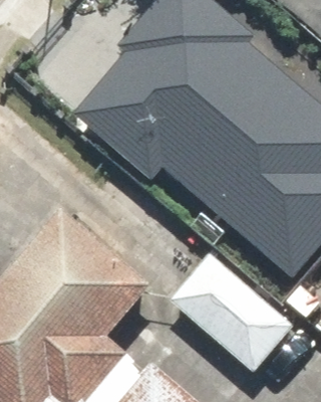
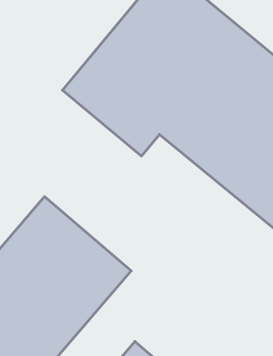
building: [176,269,291,379] -> none

